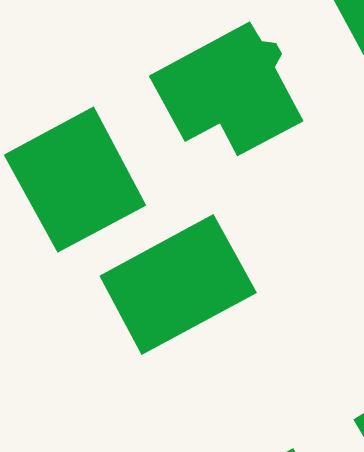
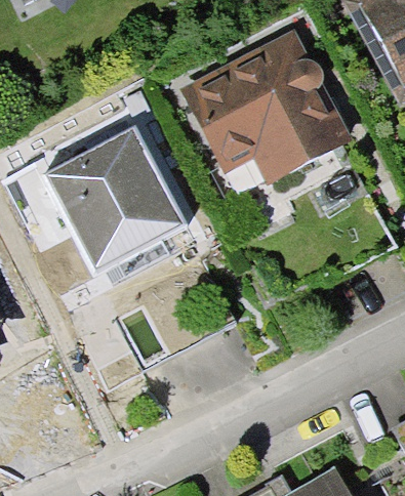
building: [98,213,258,356] -> none

